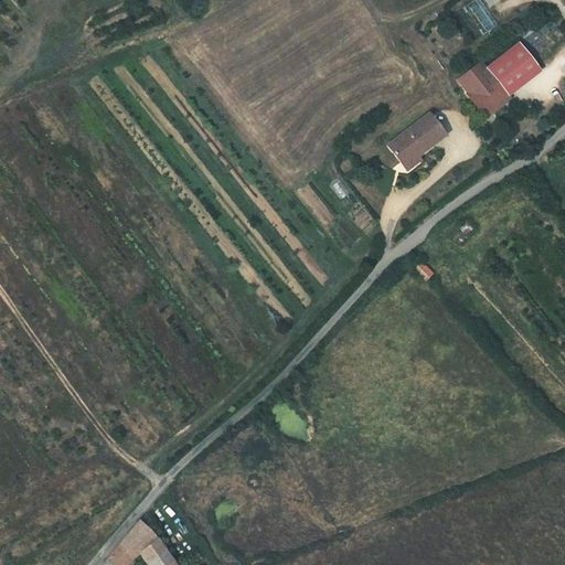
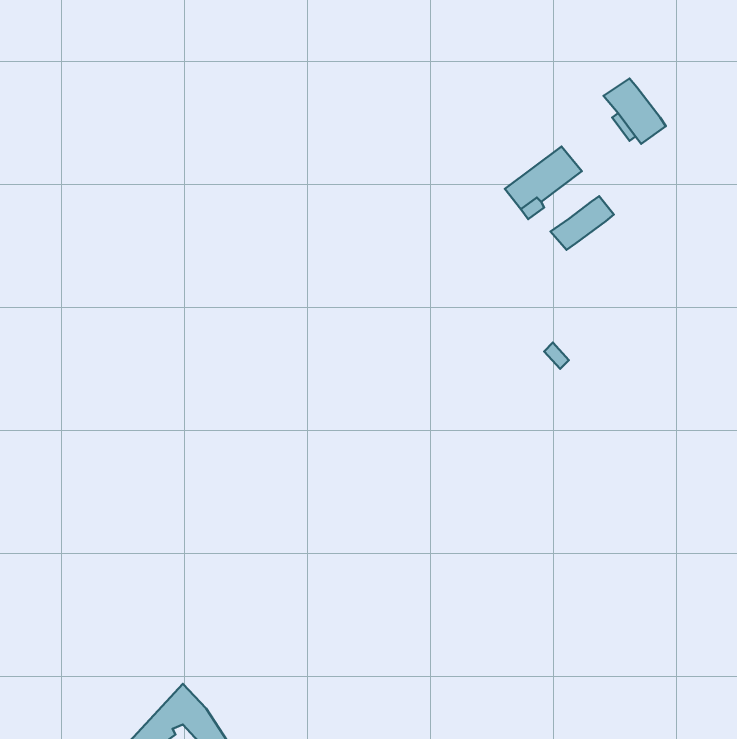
building: [488,45,540,92] -> none
building: none -> [550,196,614,250]

